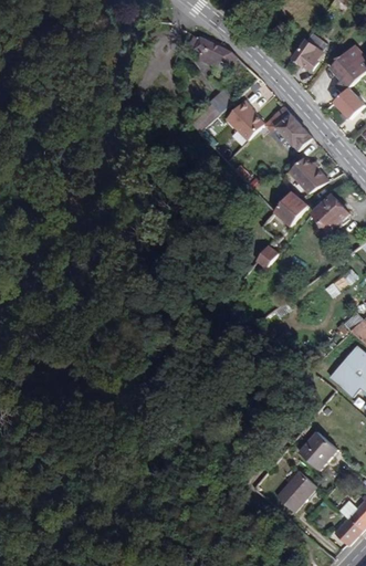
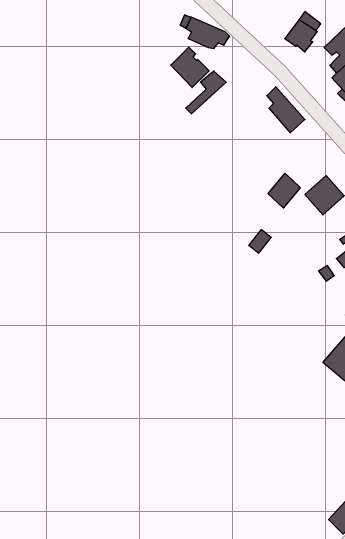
building: [226,101,263,140] -> [171,47,209,88]
building: [287,157,328,192] -> none
building: [299,431,338,470] -> none
building: [275,471,316,512] -> none

